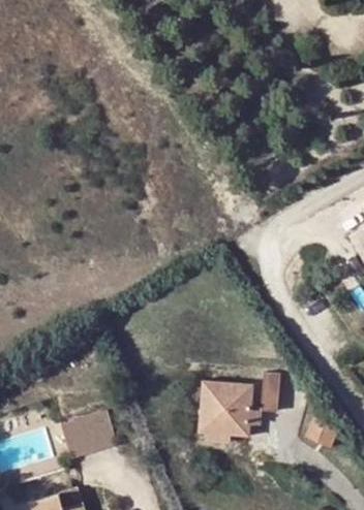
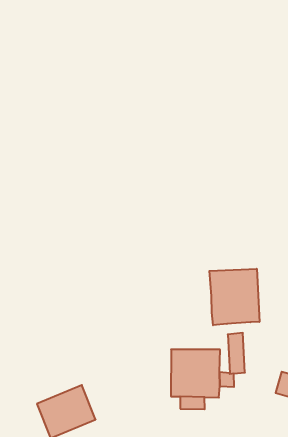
building: none -> [209,269,259,325]

